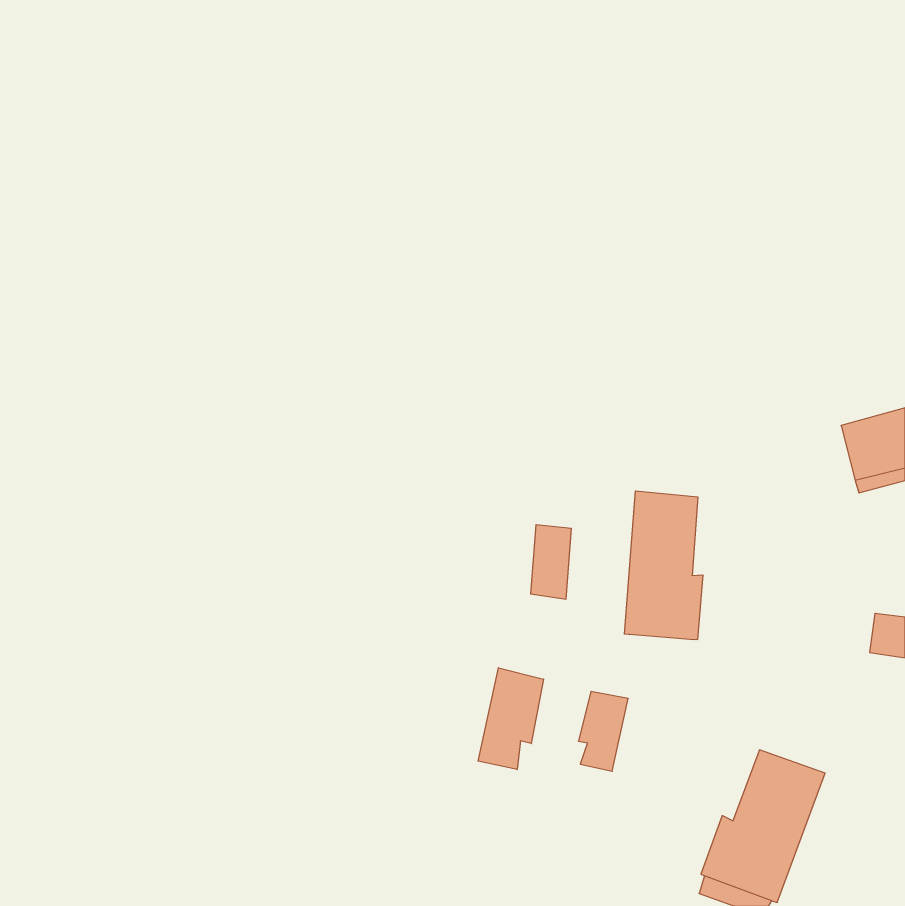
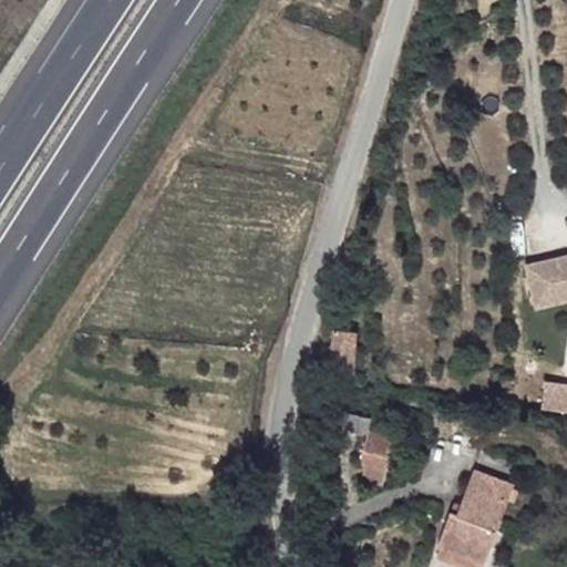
building: [624,491,703,640] -> none
building: [478,668,544,770] -> none

